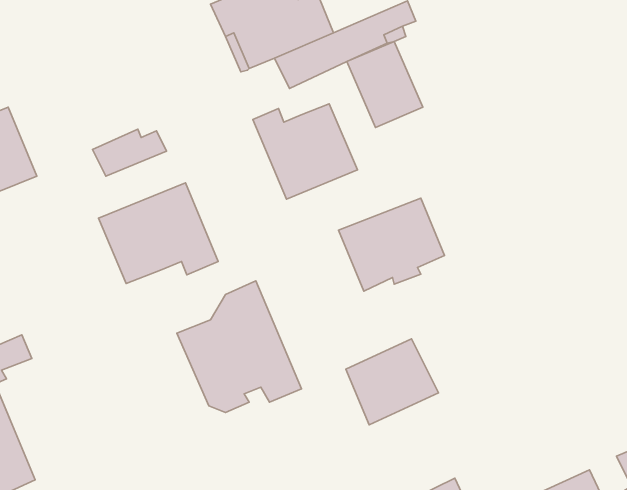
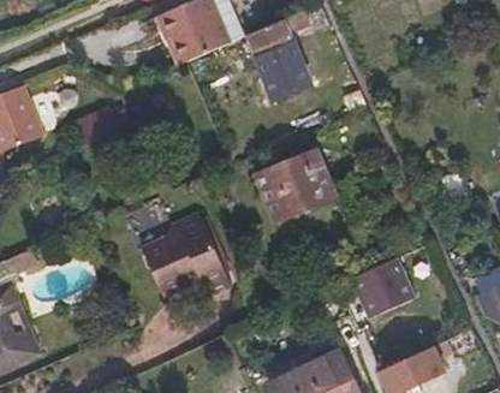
building: [253,104,357,199] -> none
building: [99,183,218,284] -> none
building: [346,339,438,425] -> [346,258,412,320]

